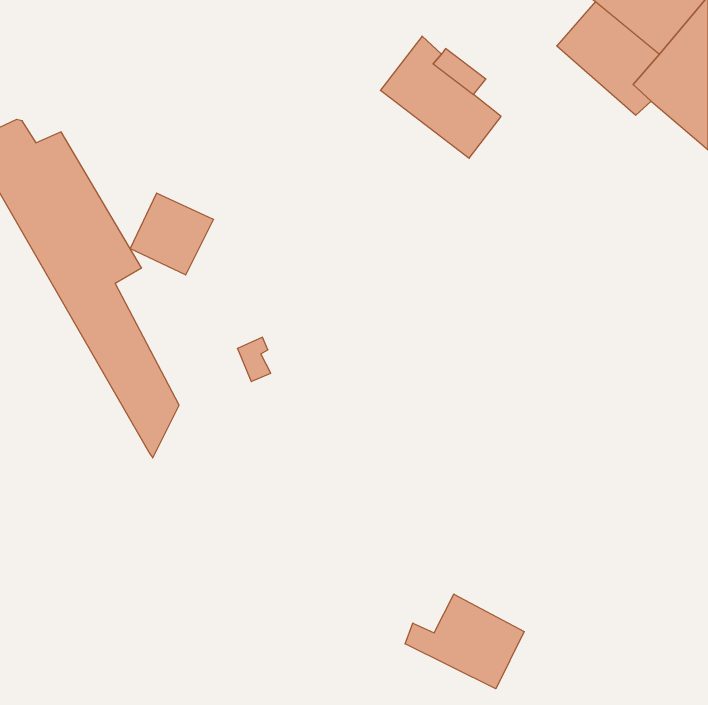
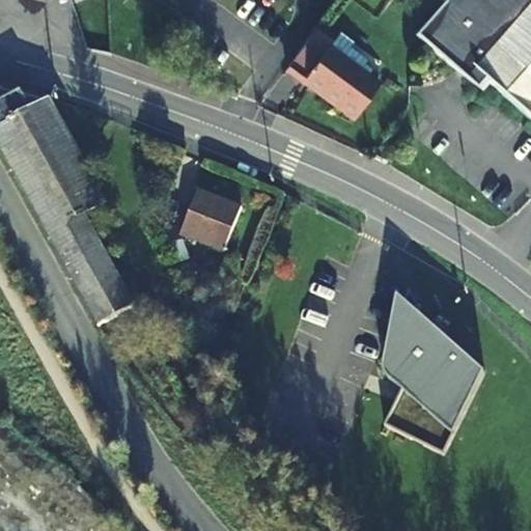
building: [130,193,214,275] -> [181,180,244,242]
building: none -> [382,285,484,452]
building: [405,594,524,689] -> none

